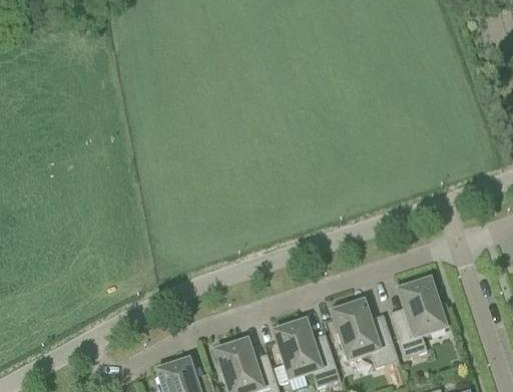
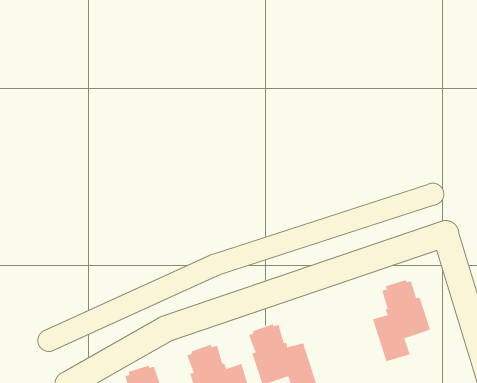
building: [333,301,398,366] -> none

